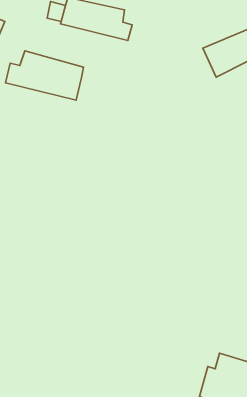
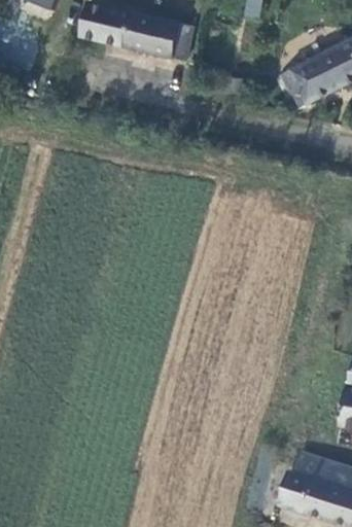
building: [6,51,83,100] -> none

